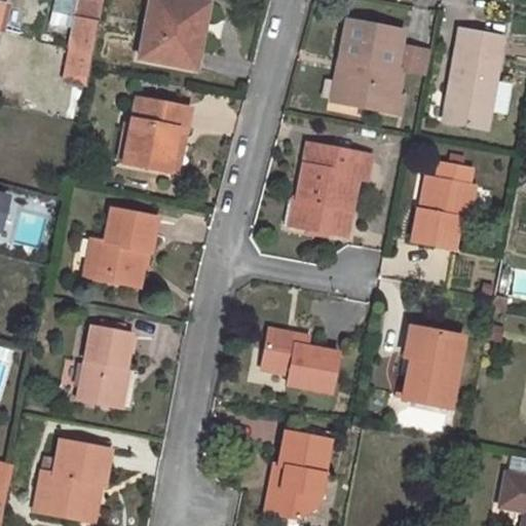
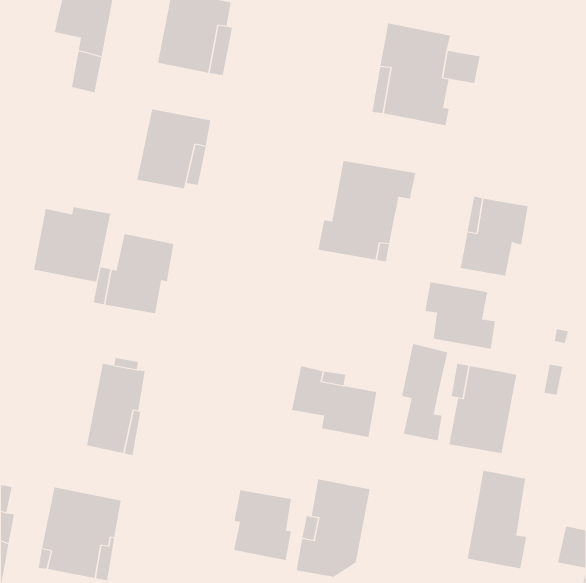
building: [447,30,502,128] -> none
building: none -> [33,206,111,282]
building: none -> [425,281,496,349]
building: none -> [401,343,448,441]
building: none -> [467,470,527,569]
building: none -> [234,489,292,561]

